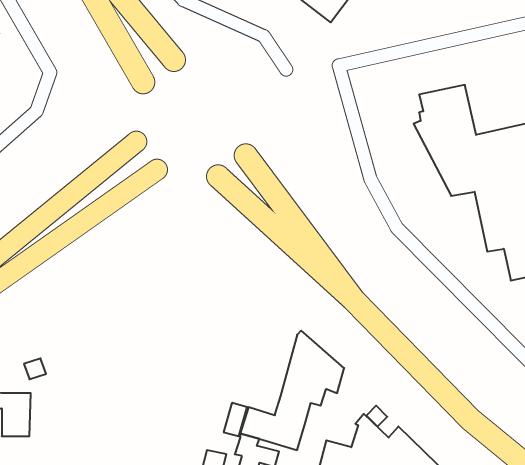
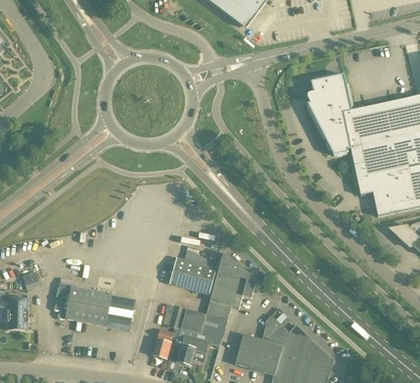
building: none -> [169,250,218,295]
building: none -> [54,284,135,330]

